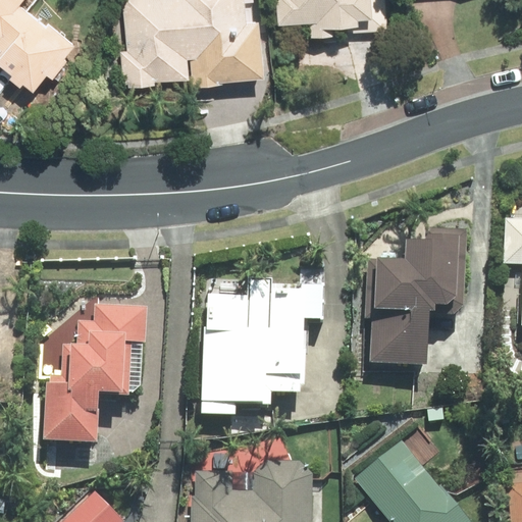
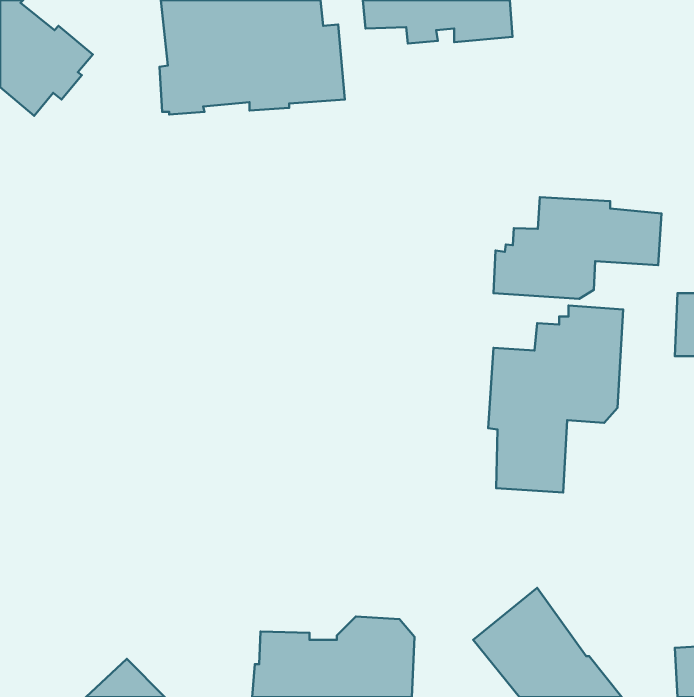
building: none -> [493,197,661,299]
building: [198,278,319,407] -> none
building: [43,305,149,445] -> none

